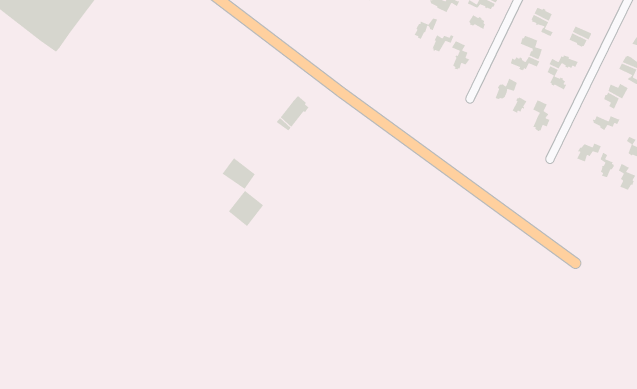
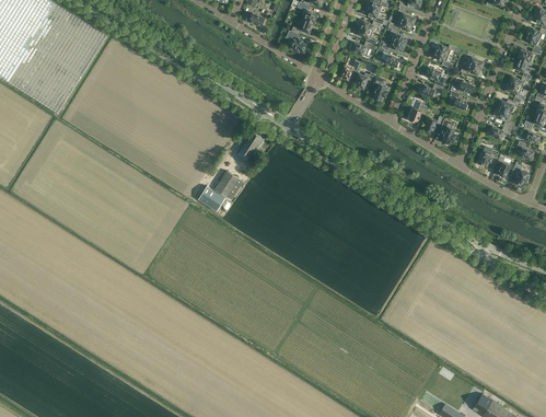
building: [228,190,264,227] -> [213,170,242,199]

